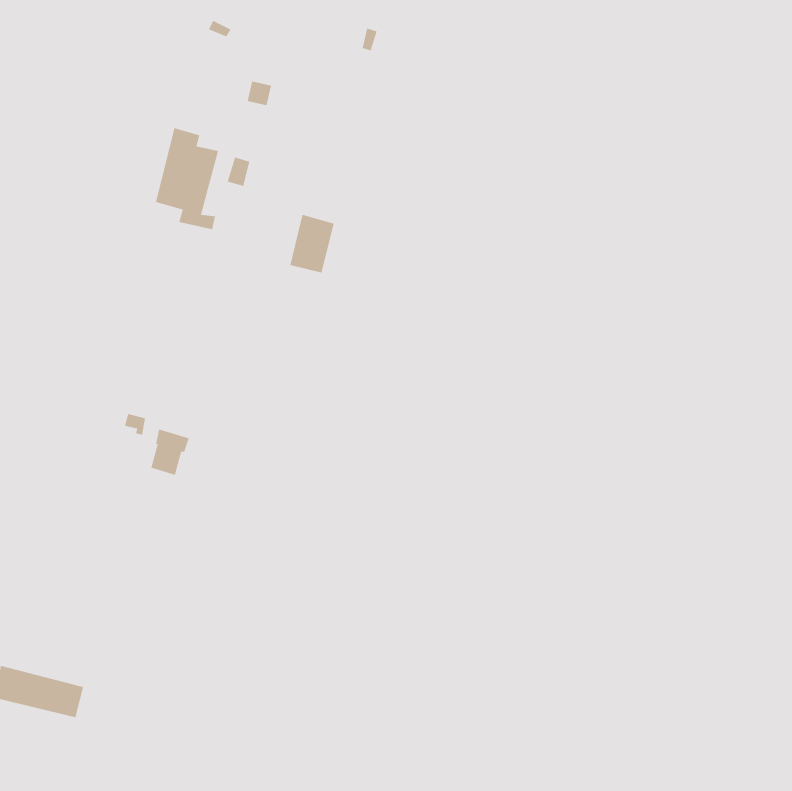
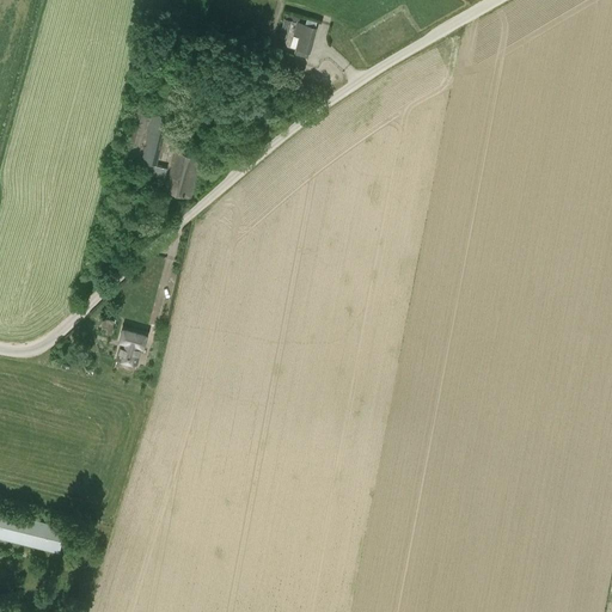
building: none -> [284,16,314,54]
building: [289,214,334,273] -> [165,153,200,198]

